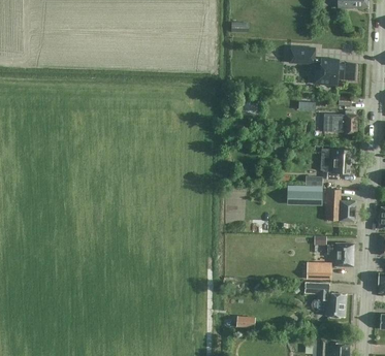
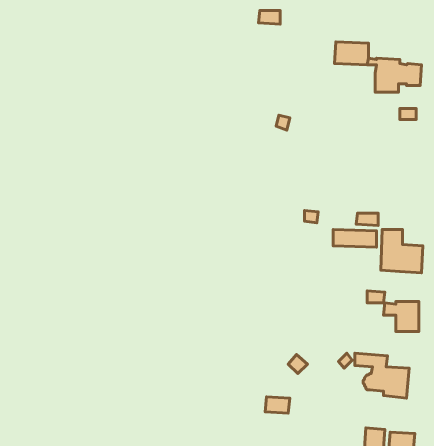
building: [322,110,356,133] -> none
building: [325,149,349,180] -> none
building: [306,263,329,280] -> none

